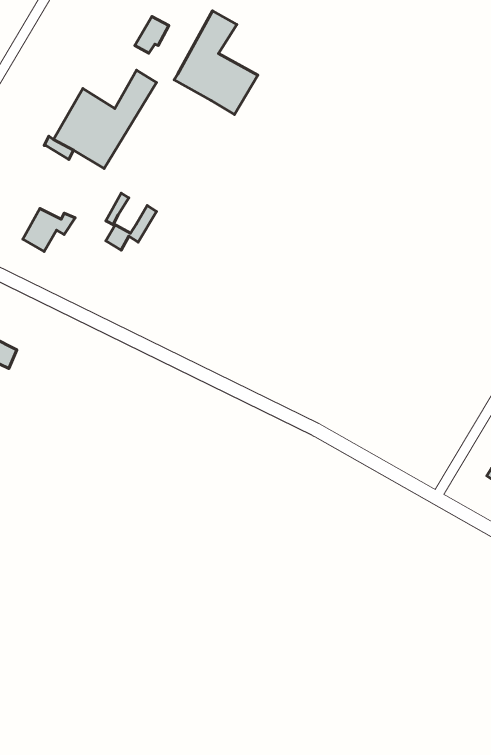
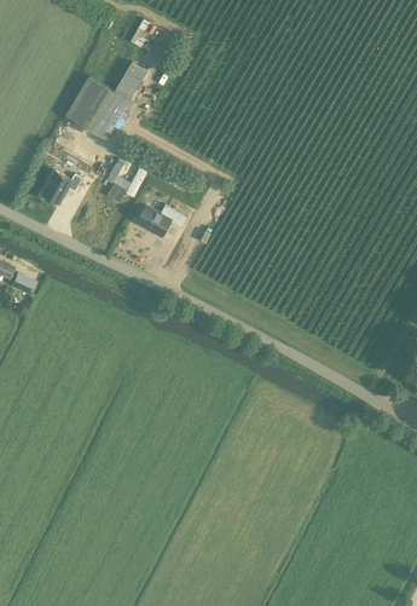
building: [174,11,258,114] -> none
building: none -> [137,206,175,237]

